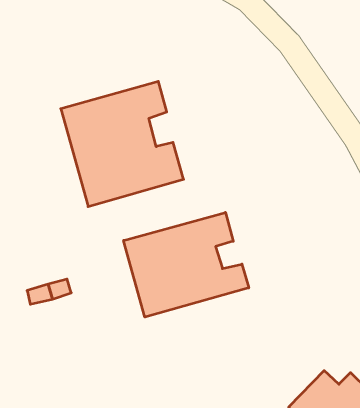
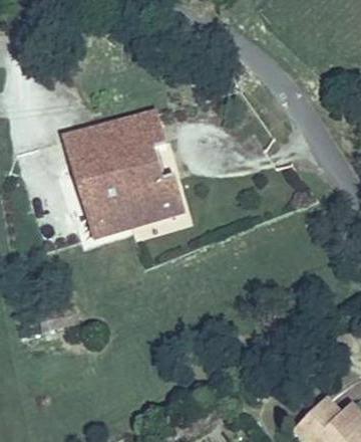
building: [124,212,249,317] -> none

